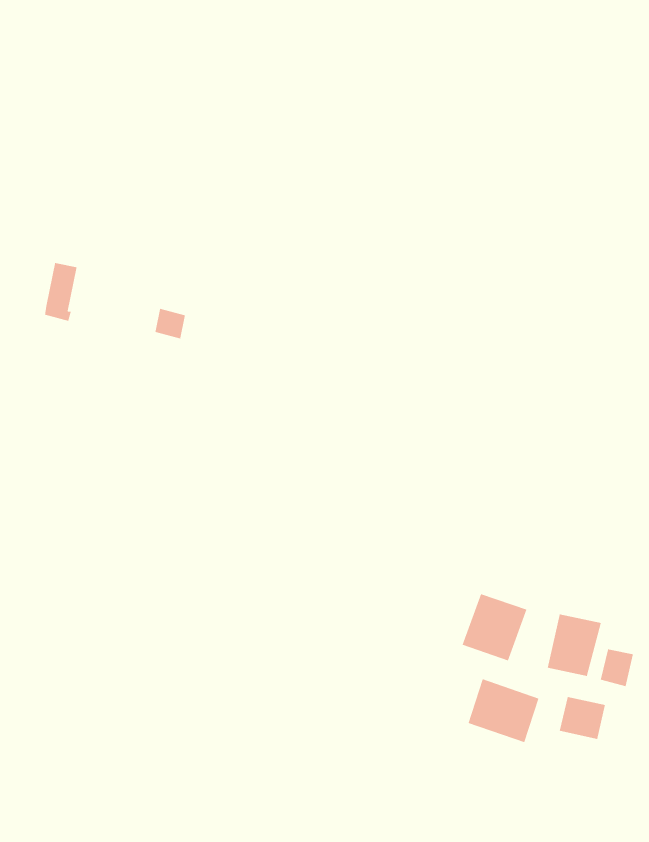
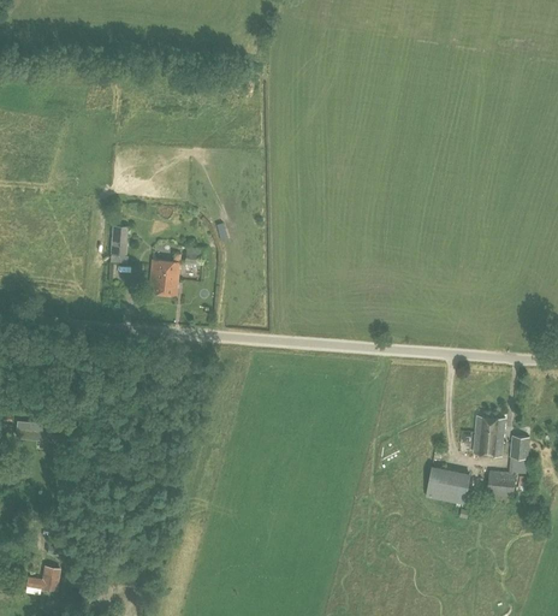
building: none -> [148,254,179,295]
building: [462,593,527,661] -> none

